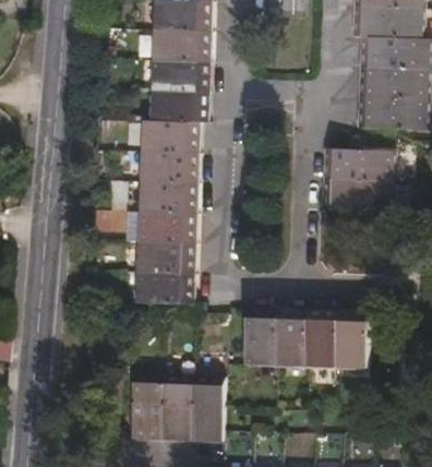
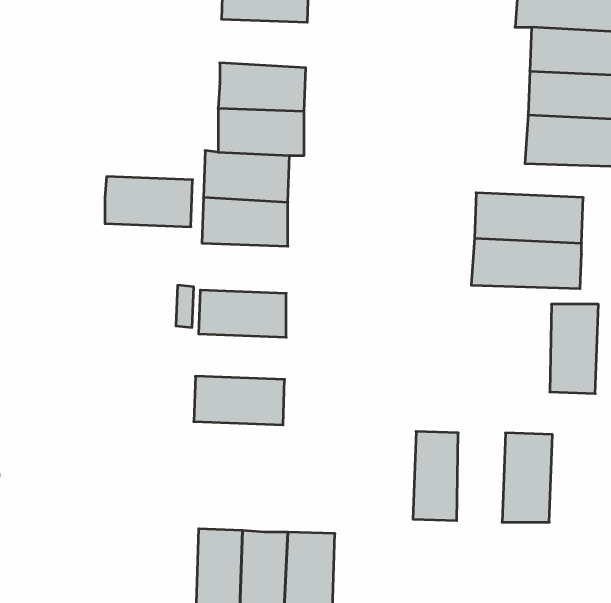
building: [153,32,212,64] -> none
building: [140,182,199,216] -> [105,177,193,227]
building: [136,243,197,274] -> none
building: [253,309,285,368] -> none
building: [312,310,345,370] -> [550,304,598,394]

